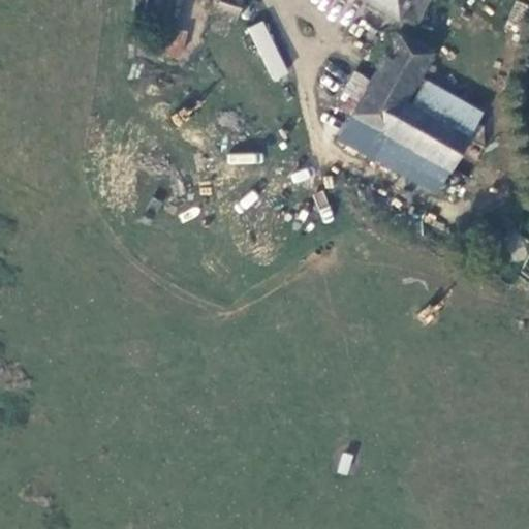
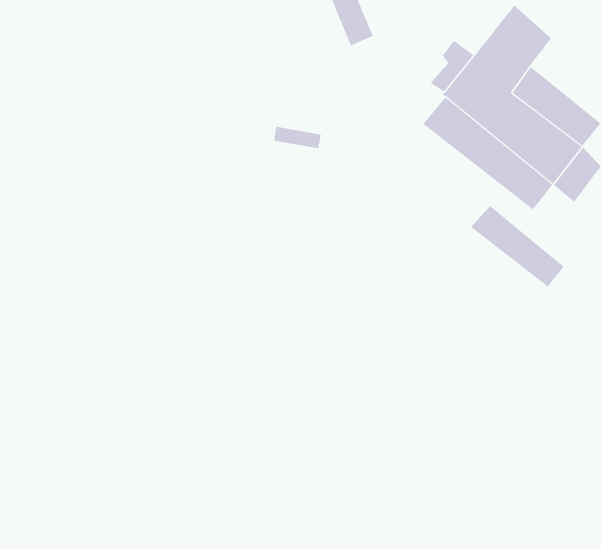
building: none -> [470,205,564,287]

